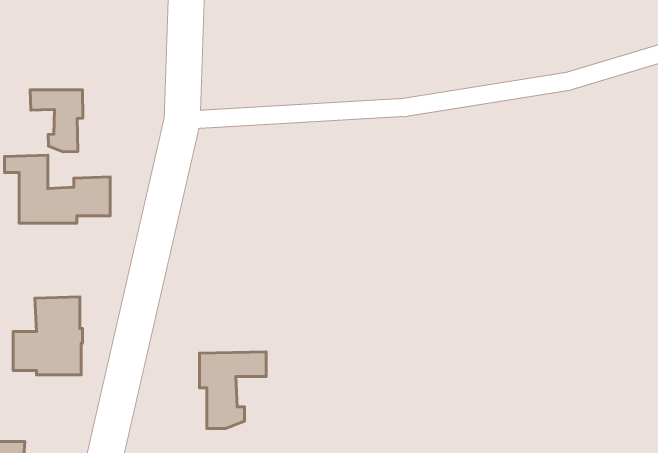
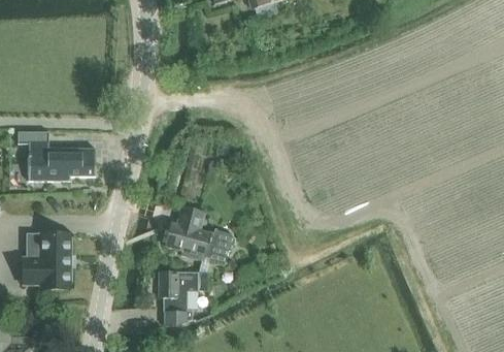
building: [30,90,83,152] -> none
building: none -> [164,202,233,261]

